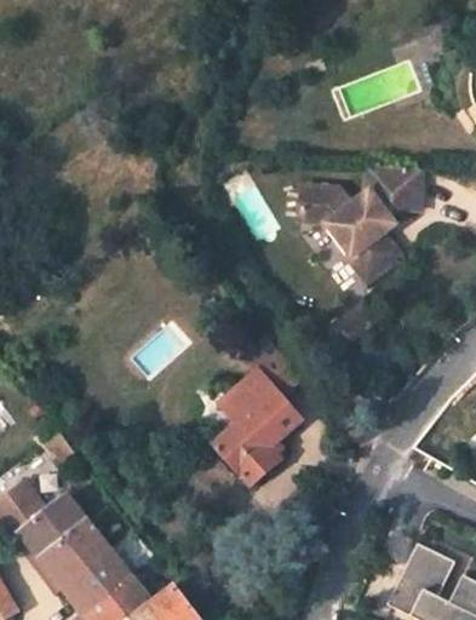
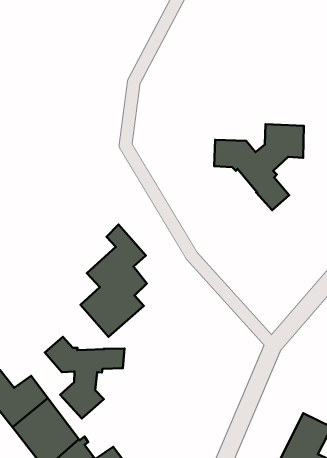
building: [212,339,298,484] -> [80,225,147,337]
building: none -> [45,337,125,418]

